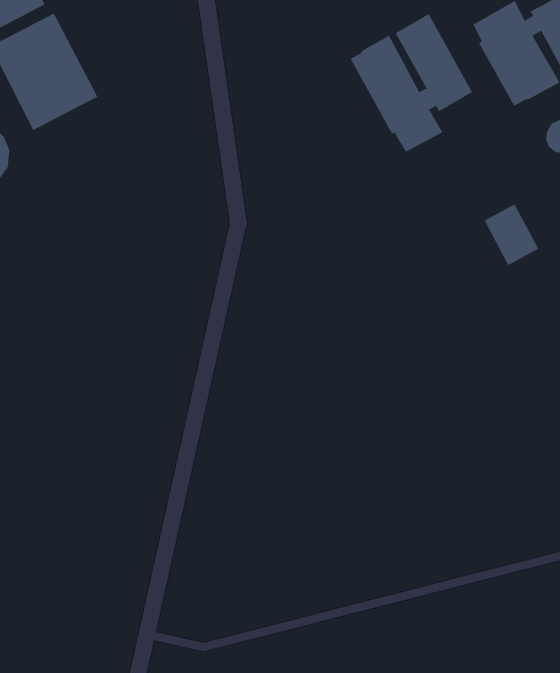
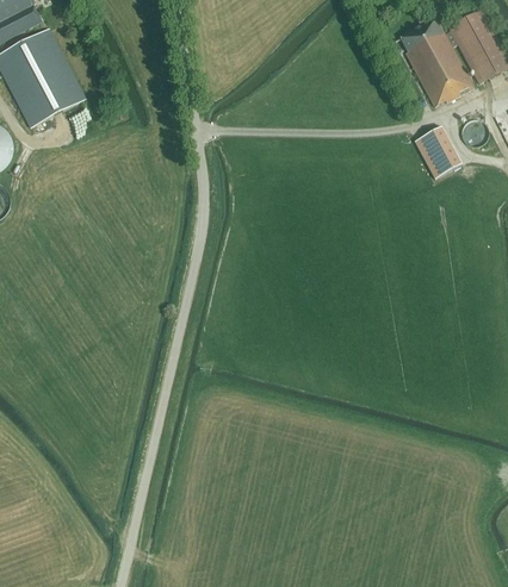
building: [350,13,473,153] -> none
building: [484,203,539,266] -> [414,125,460,177]

